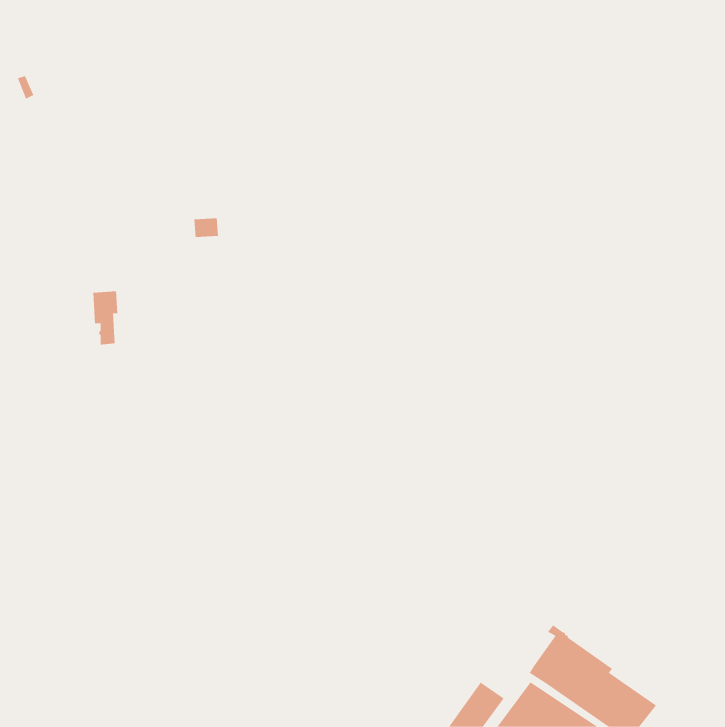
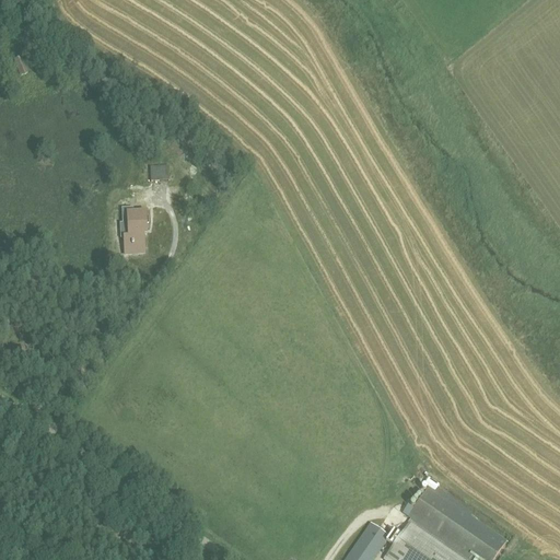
building: [93,291,118,345] -> [126,213,145,255]

